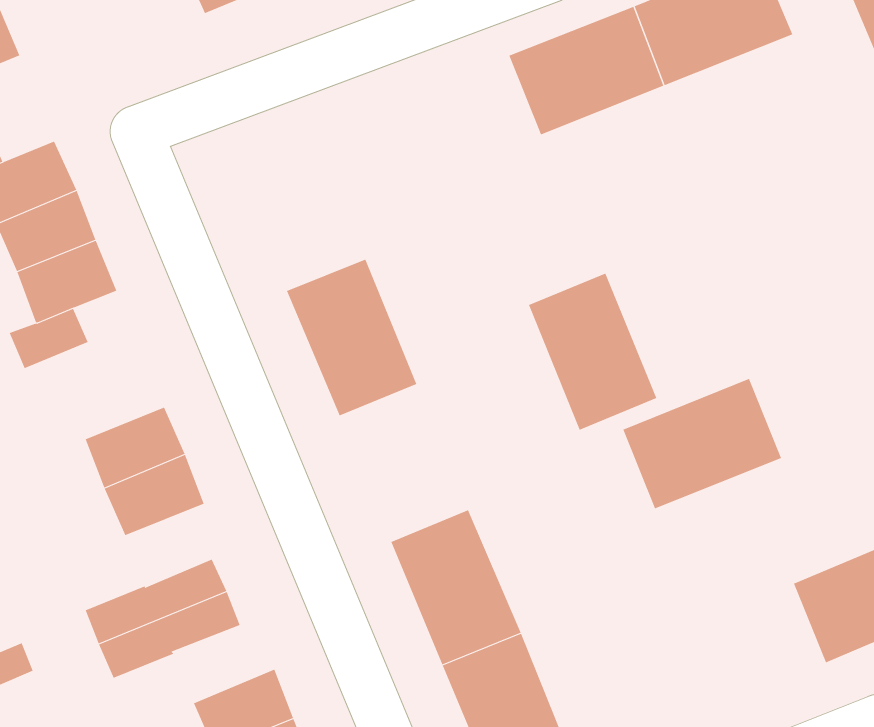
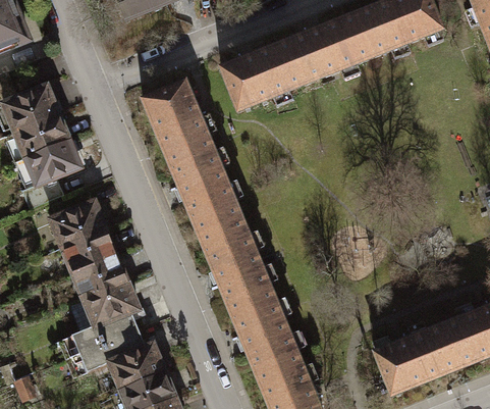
building: none -> [221,39,307,109]
building: none -> [143,80,213,165]
building: [528,273,657,430] -> [199,215,268,300]
building: none -> [51,200,105,245]
building: [622,378,782,509] -> [374,322,459,393]
building: none -> [84,279,138,324]
building: none -> [109,342,164,387]

